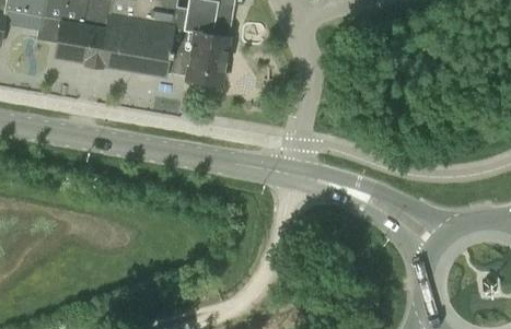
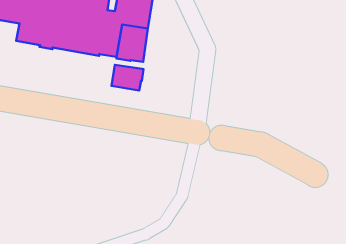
building: none -> [111,65,144,91]

